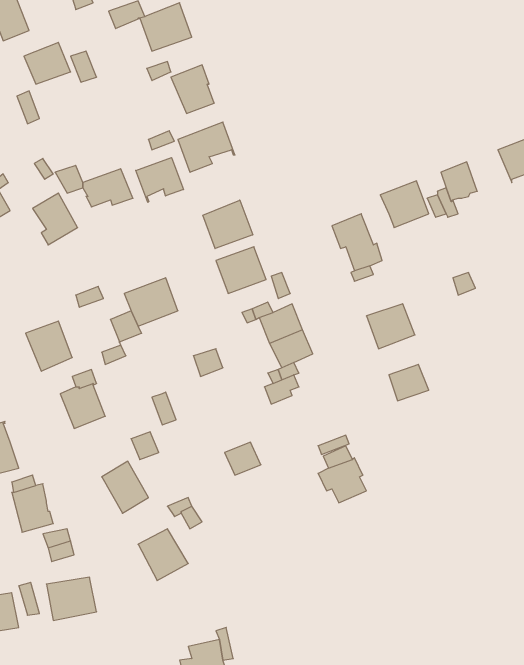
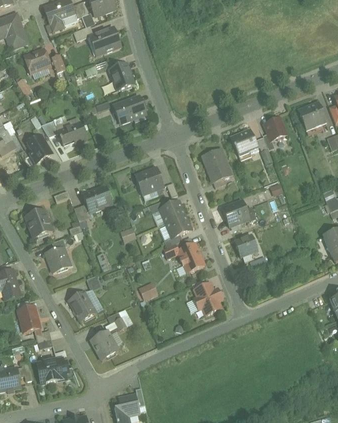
building: [136,158,183,202] -> none
building: [203,200,253,249] -> none
building: none -> [177,241,203,270]

